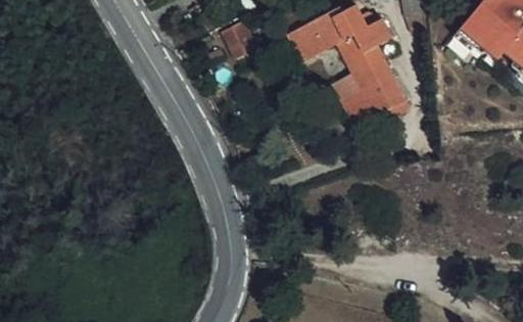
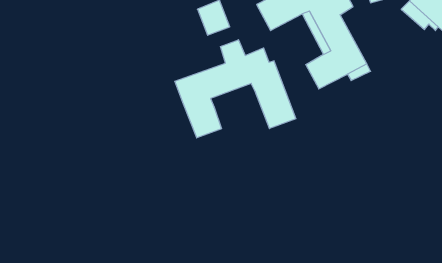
building: none -> [175,40,296,138]

